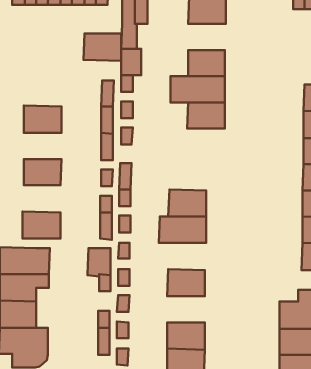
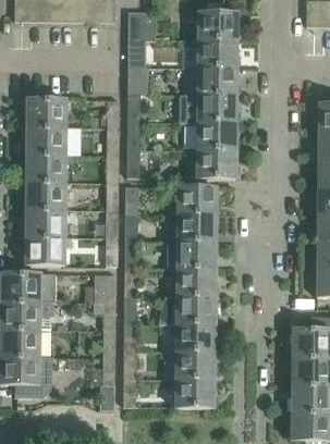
building: none -> [197,40,236,67]
building: [83,34,121,61] -> [26,98,65,126]
building: none -> [196,149,235,177]
building: none -> [26,153,65,181]
building: none -> [178,185,217,213]
building: none -> [25,208,64,236]
building: none -> [176,268,216,296]
building: none -> [175,323,215,350]

